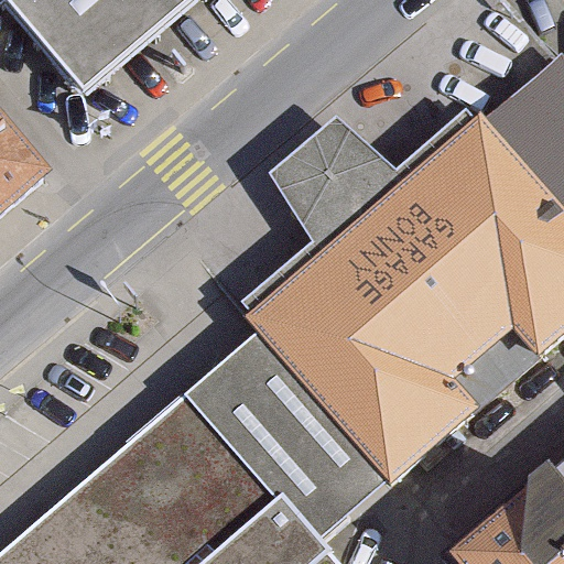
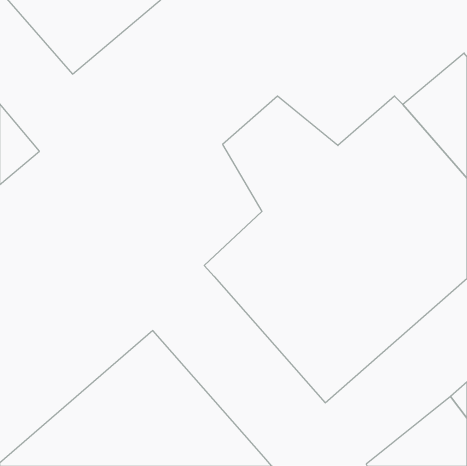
building: [184,333,391,550] -> none

